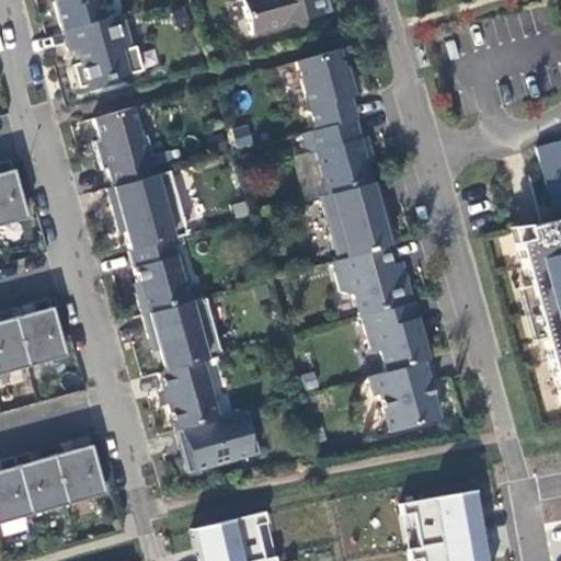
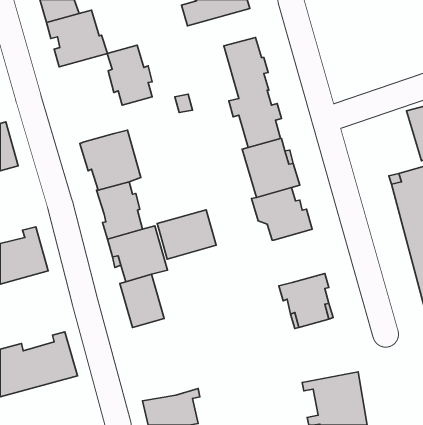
building: [94,107,153,186] -> [107,45,152,105]
building: none -> [157,210,216,259]
building: [364,301,431,371] -> none
building: [178,411,260,473] -> none

